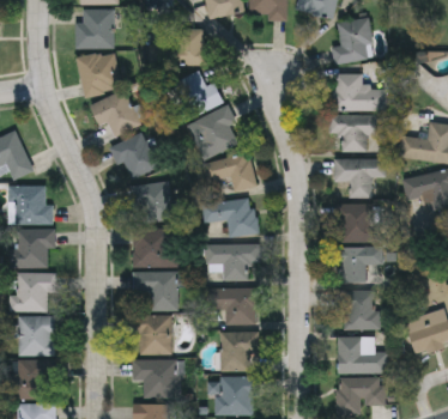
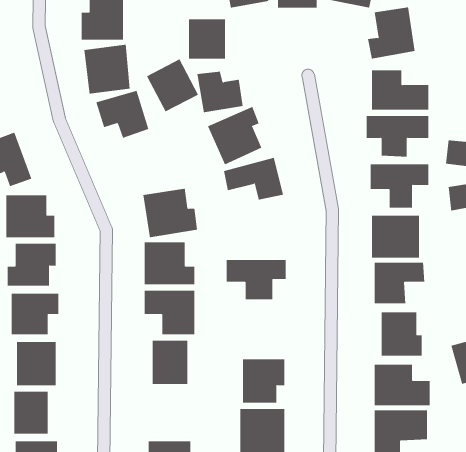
building: [111,132,158,180] -> [146,59,199,112]
building: [201,198,256,236] -> none
building: [208,287,258,324] -> none
building: [133,360,180,397] -> none

